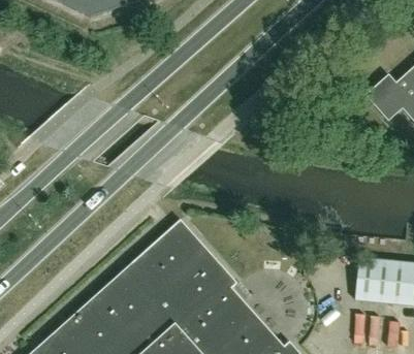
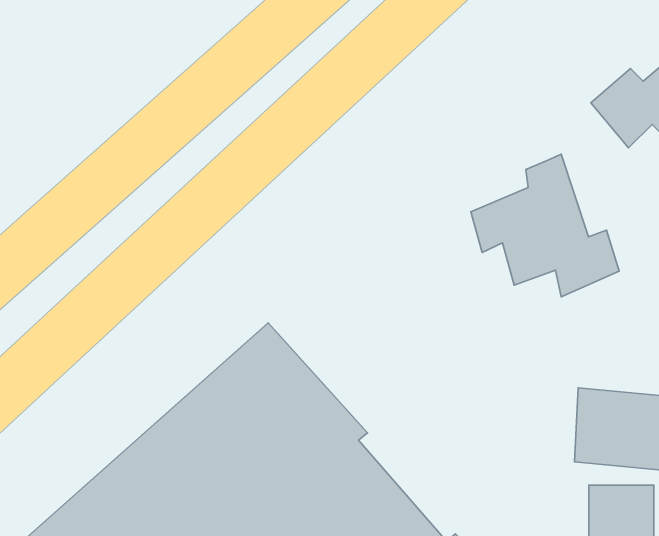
building: none -> [471,154,619,297]

